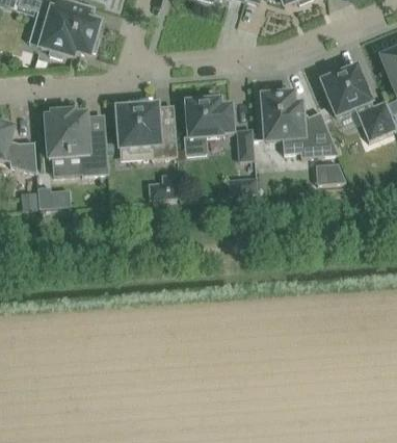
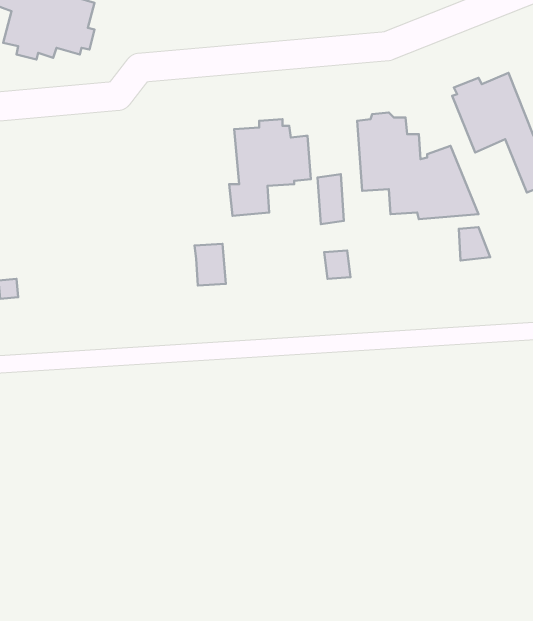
building: [115,100,177,158] -> none
building: [45,109,108,175] -> none

